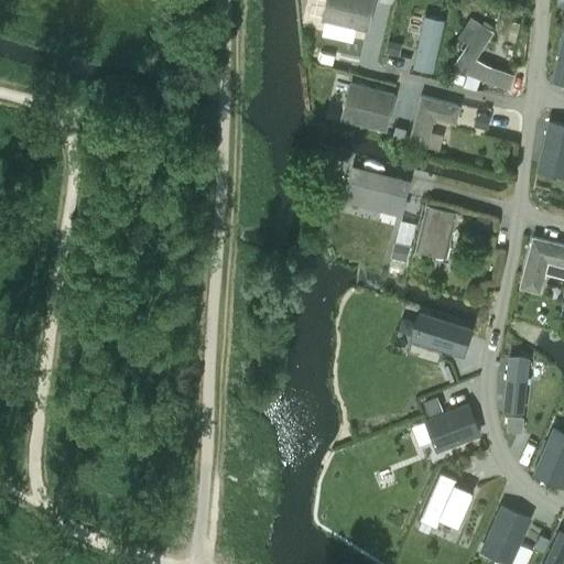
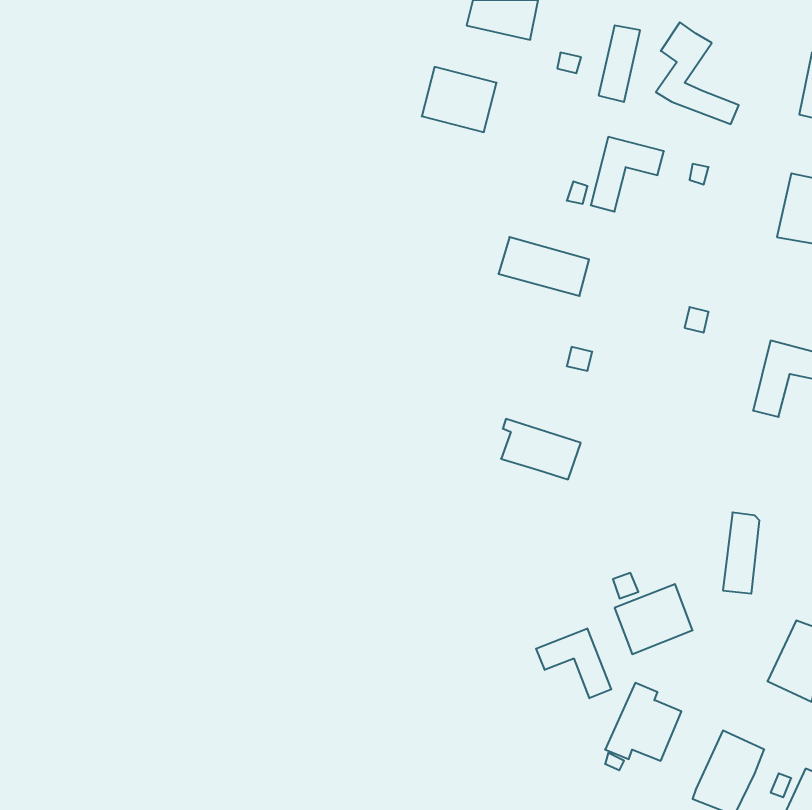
building: [343,85,394,130] -> [422,67,497,132]
building: [416,206,456,258] -> none
building: [417,316,473,358] -> [501,419,581,479]
building: none -> [536,628,611,698]

